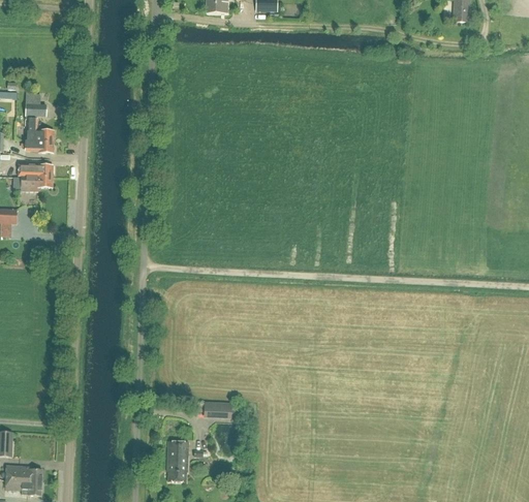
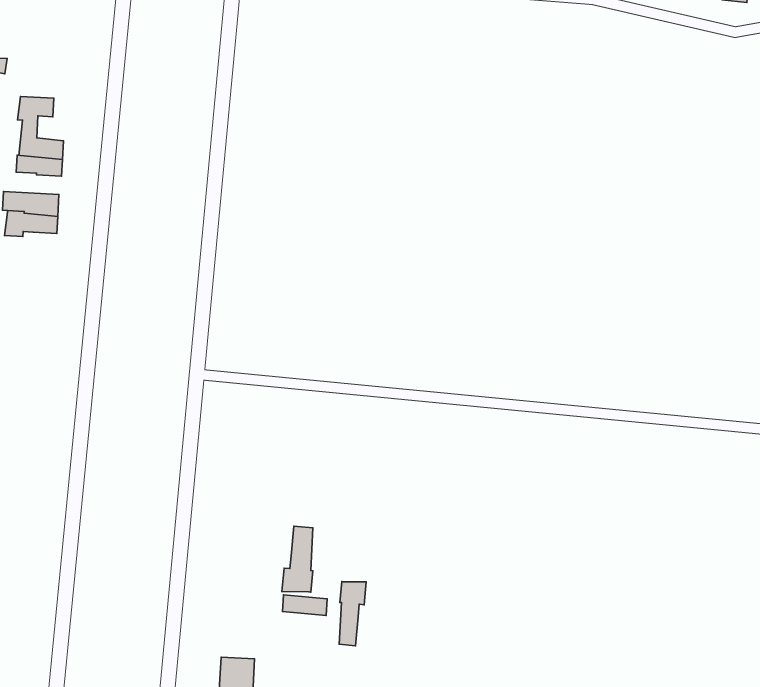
building: none -> [282,526,313,592]
building: none -> [339,582,366,646]

